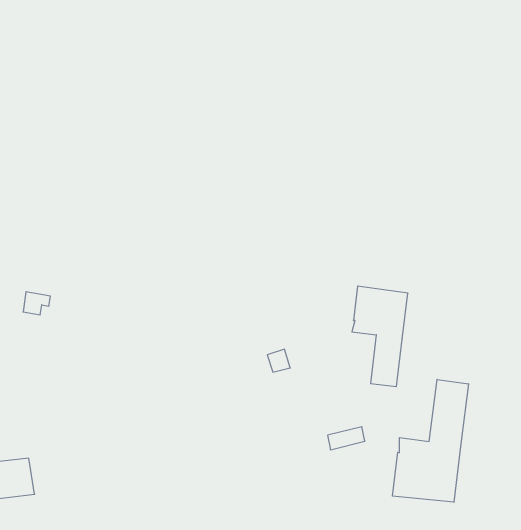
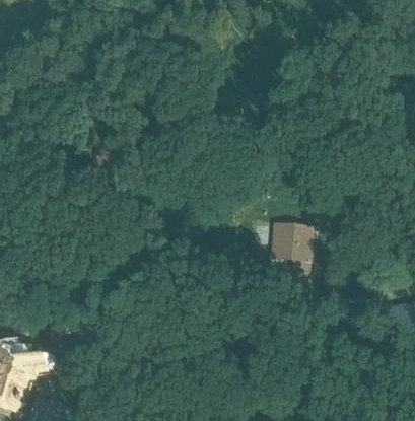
building: [392,379,468,502] -> none

